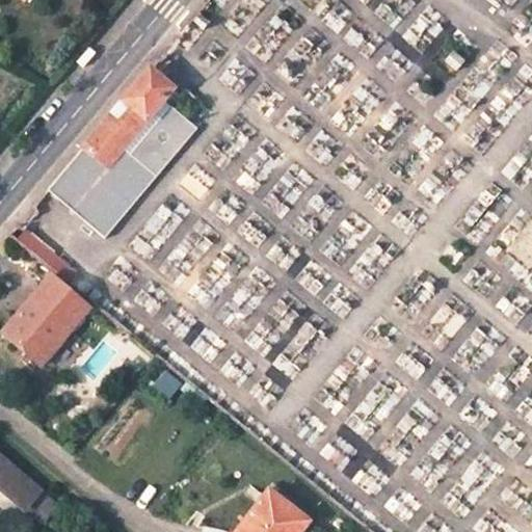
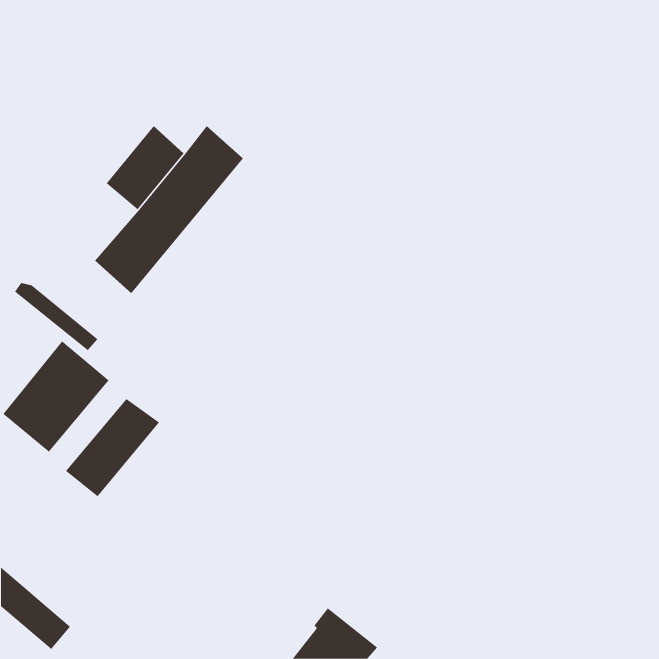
building: [124,65,178,124] -> none
building: [50,148,111,210] -> none
building: none -> [65,398,160,497]

